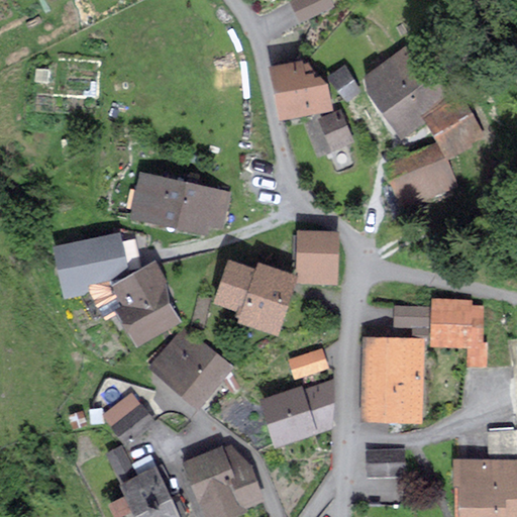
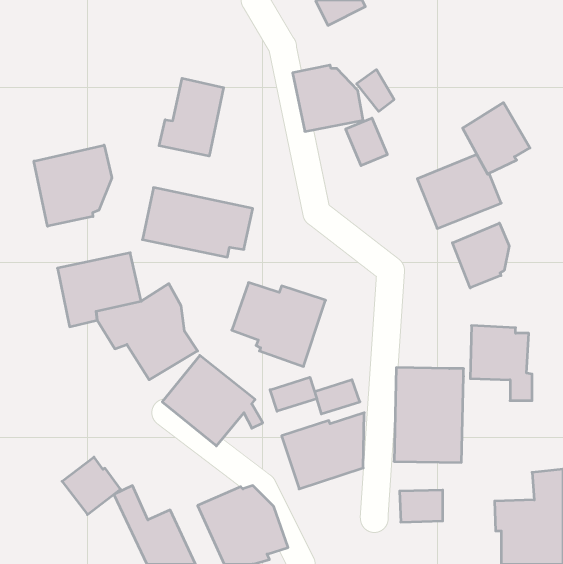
building: [364,42,447,139] -> none
building: none -> [159,78,224,156]
building: none -> [34,145,112,226]
building: none -> [452,223,509,288]
building: [295,229,338,284] -> none
building: [395,305,429,344] -> none
building: none -> [270,377,317,411]
building: [102,393,156,445] -> [62,457,121,515]

